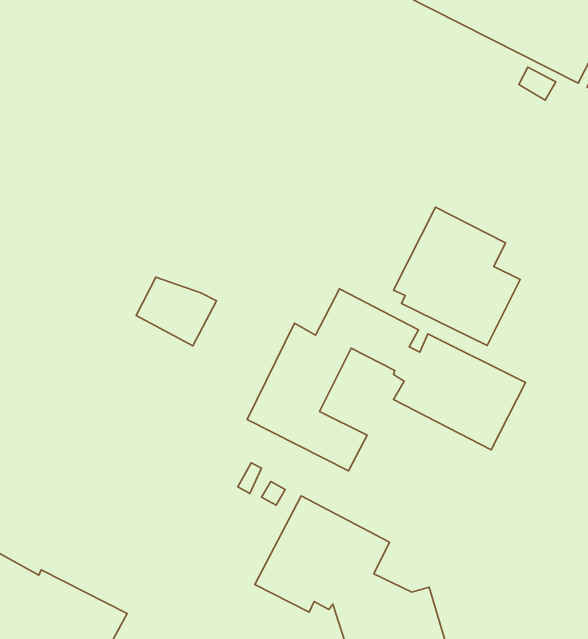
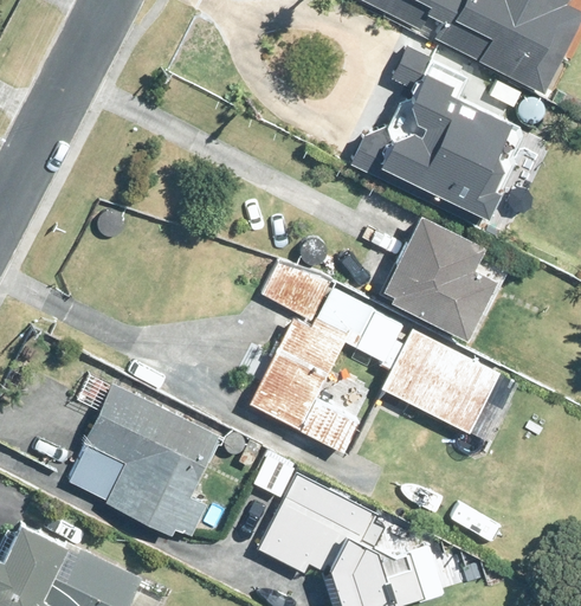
building: none -> [353,49,522,223]
building: [136,277,217,346] -> [263,259,335,321]
building: none -> [70,383,220,535]

